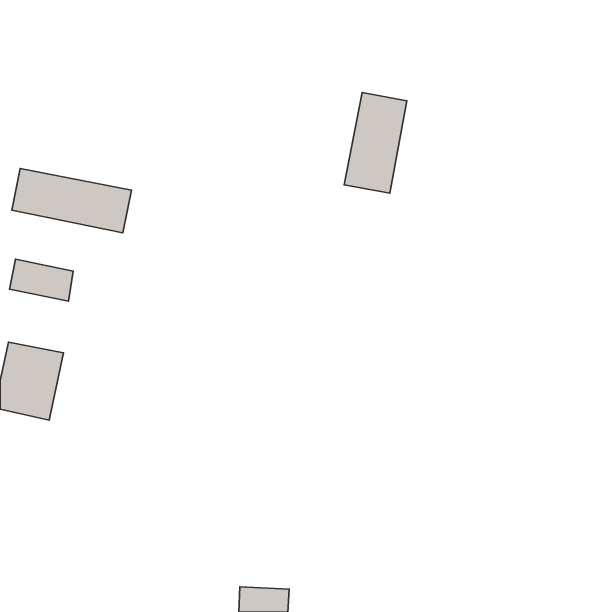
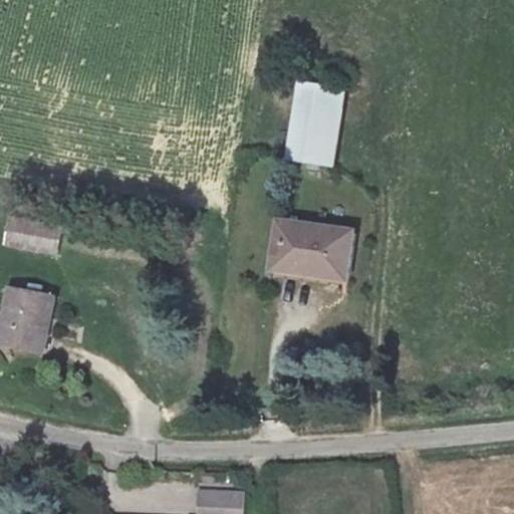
building: [12,168,132,233] -> none
building: none -> [267,219,353,280]

